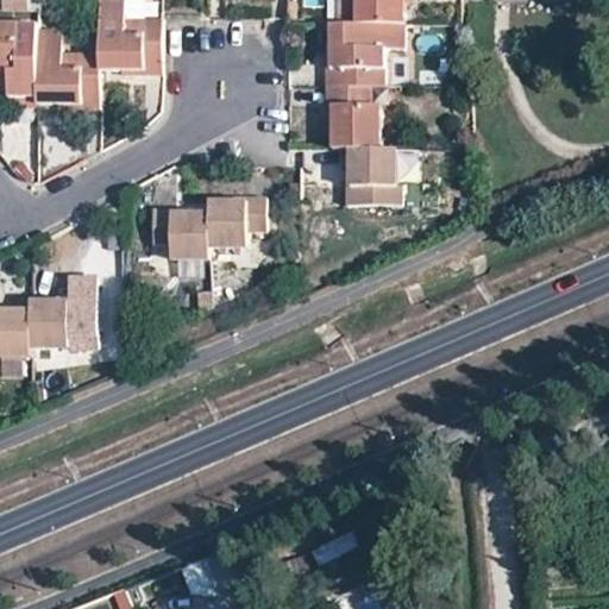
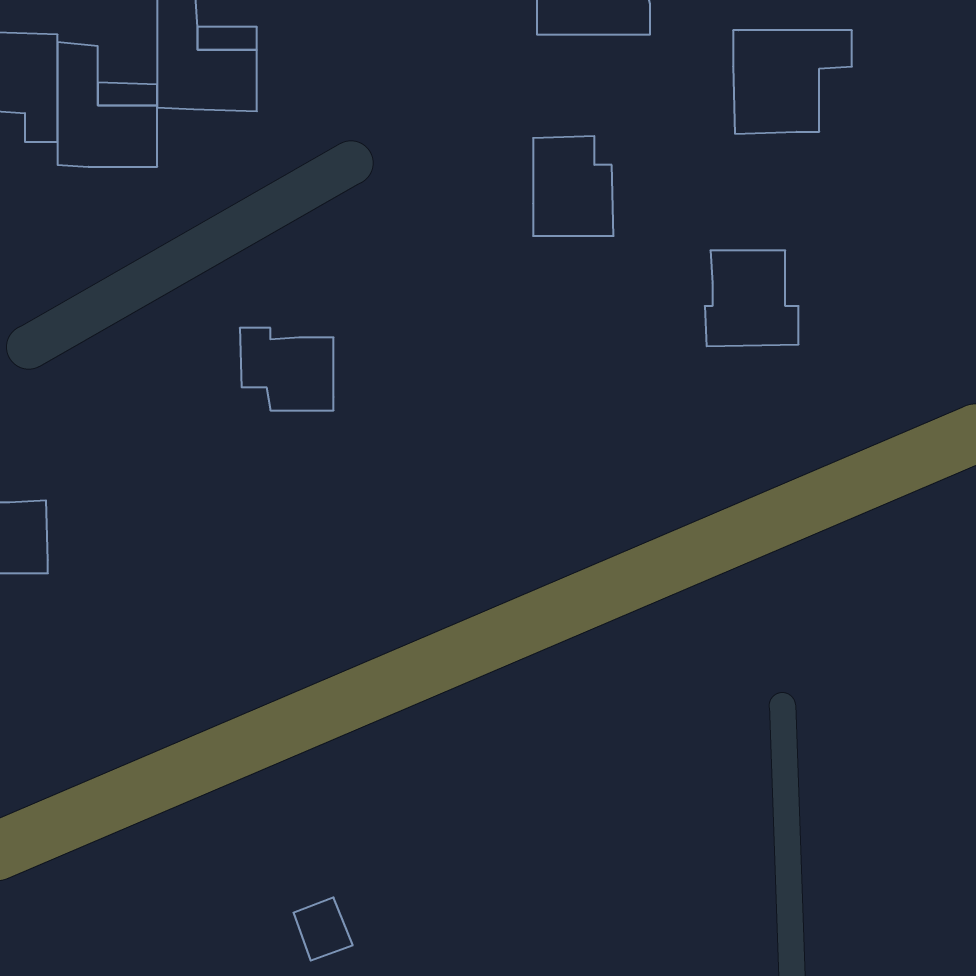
building: [329,21,403,86] -> [733,30,852,134]
building: [345,146,403,206] -> [705,250,799,346]
building: [207,194,263,246] -> none
building: [29,295,83,347] -> none

